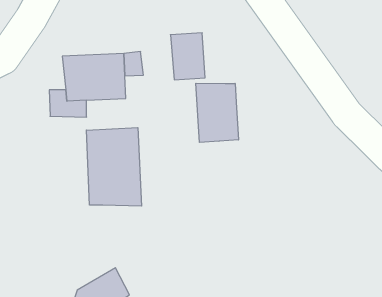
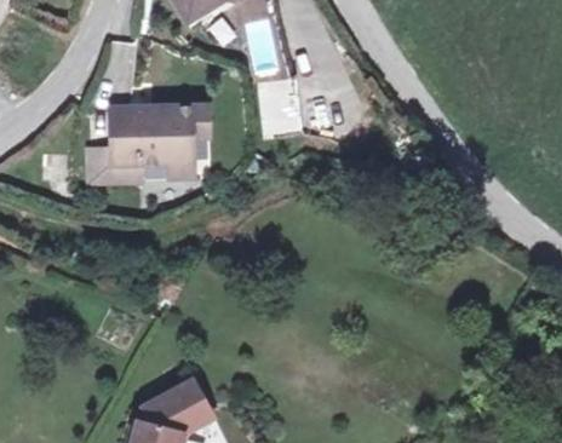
building: [196,83,238,142] -> none
building: [86,128,141,206] -> none

